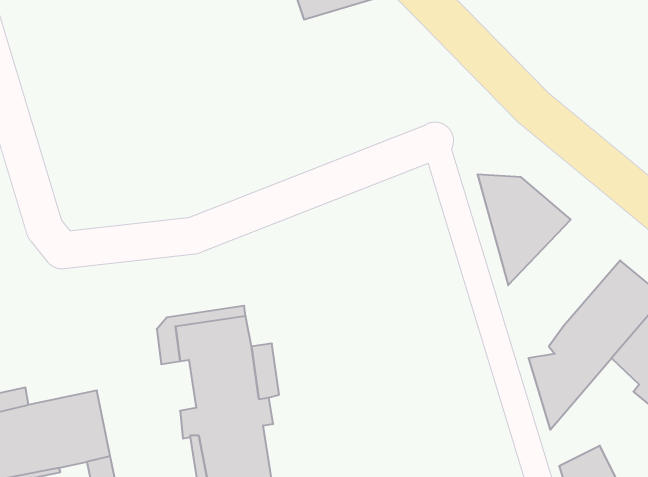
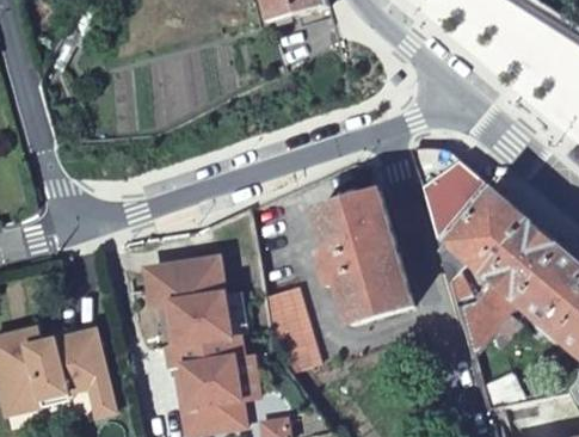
building: none -> [316,192,413,324]
building: none -> [441,192,528,295]
building: none -> [263,283,316,365]

